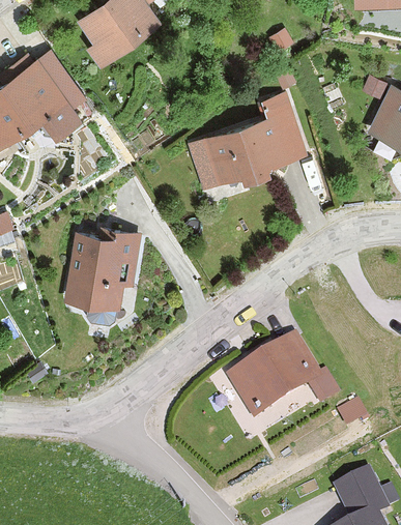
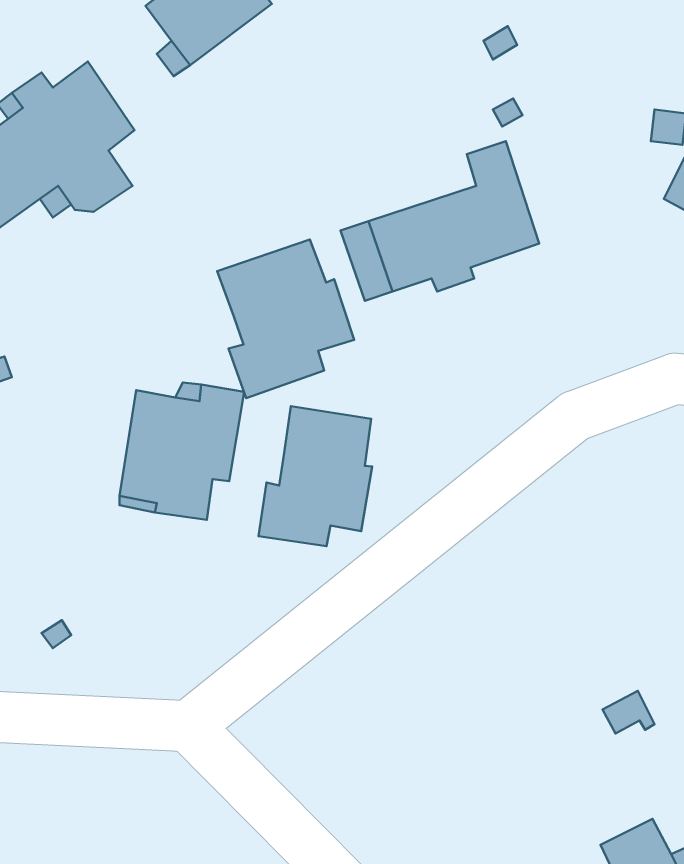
building: none -> [217,239,354,398]
building: none -> [259,406,372,546]
building: [232,339,338,415] -> none

